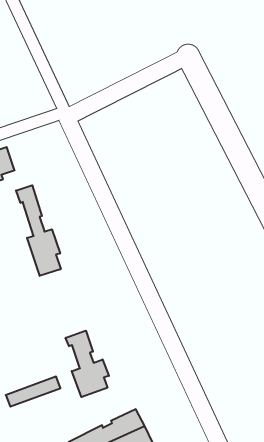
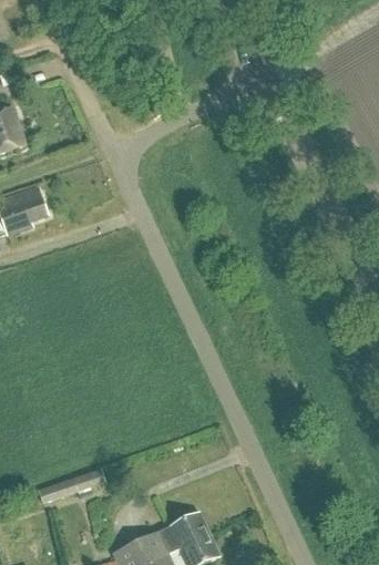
building: [16,185,61,276] -> none
building: [66,331,109,397] -> none

